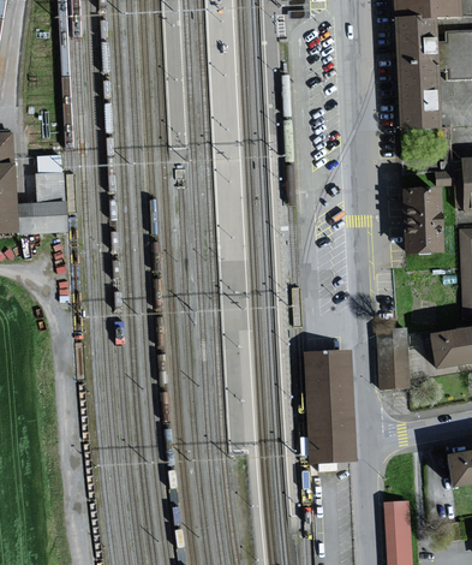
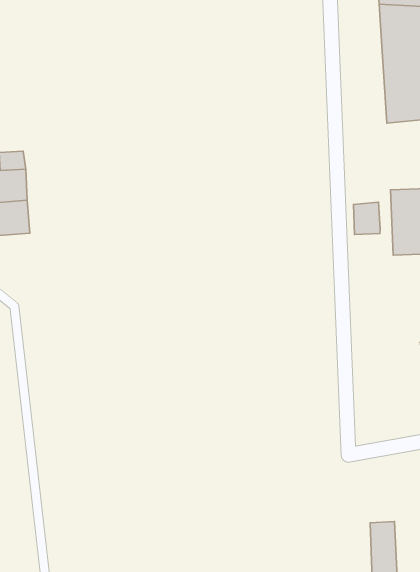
building: none -> [354,202,380,235]
building: [376,328,412,387] -> none
building: [312,352,346,458] -> none

